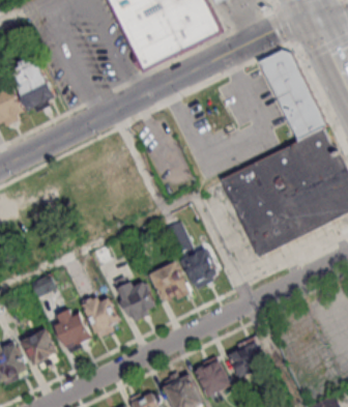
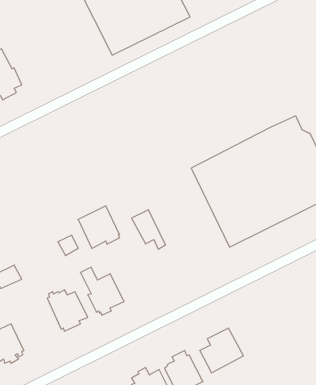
building: [258,48,325,139] -> none
building: [181,249,218,289] -> none
building: [148,261,188,302] -> [78,206,120,248]
building: [52,309,90,353] -> none

